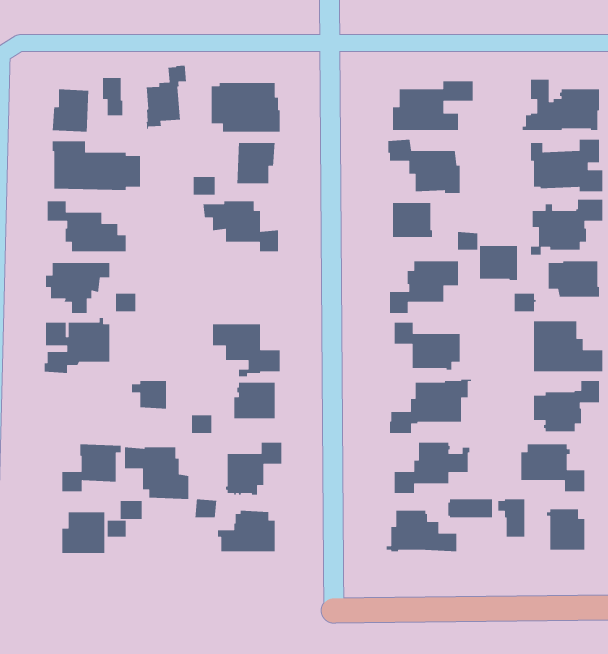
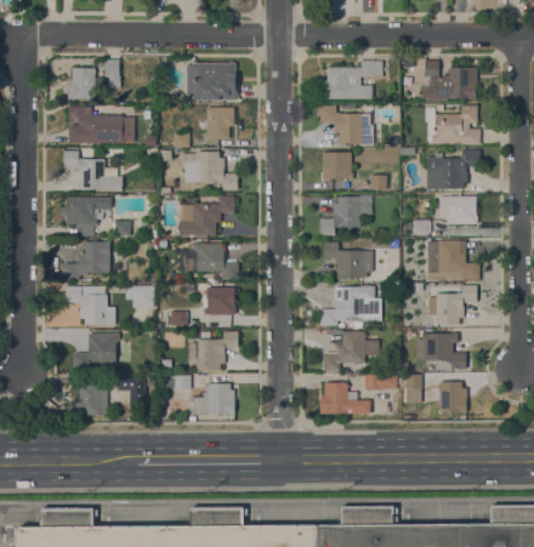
building: [146,65,187,130] -> none
building: [479,245,518,281] -> none
building: none -> [178,195,234,235]
building: [124,446,189,500] -> [66,285,114,325]

